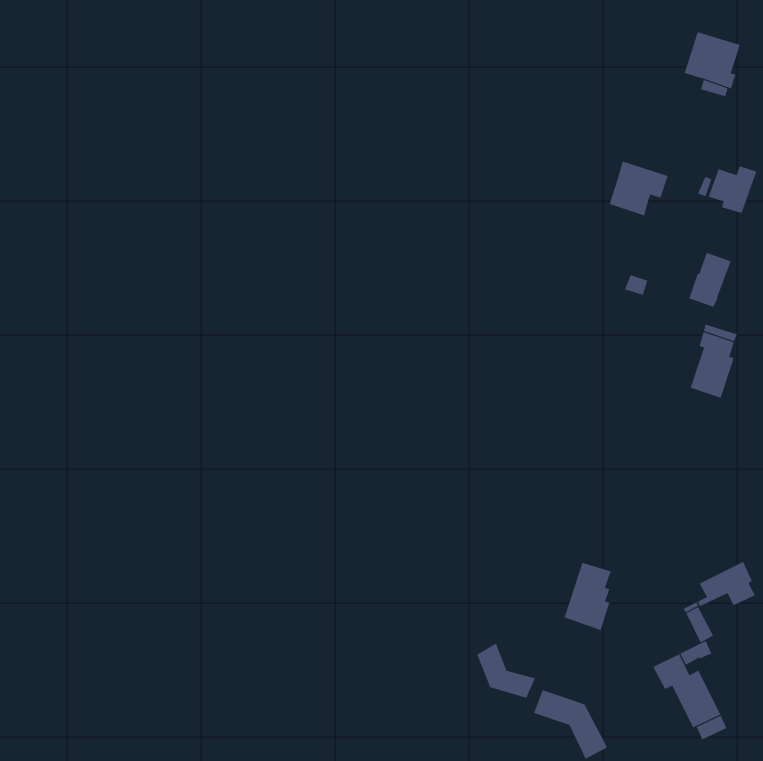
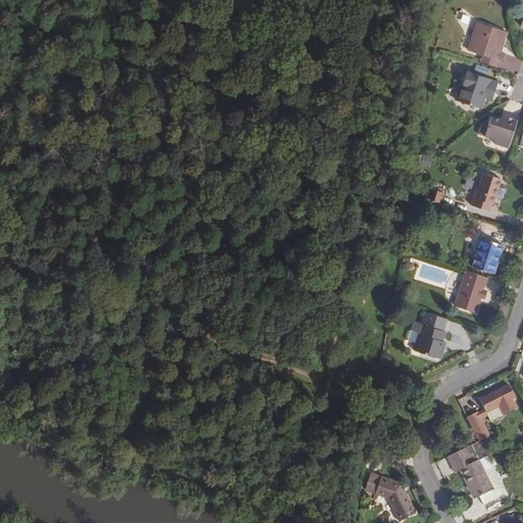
building: [609,161,669,216] -> [457,70,497,108]
building: none -> [456,270,487,312]
building: [564,562,612,631] -> [414,312,446,359]
building: [476,643,536,699] -> none

